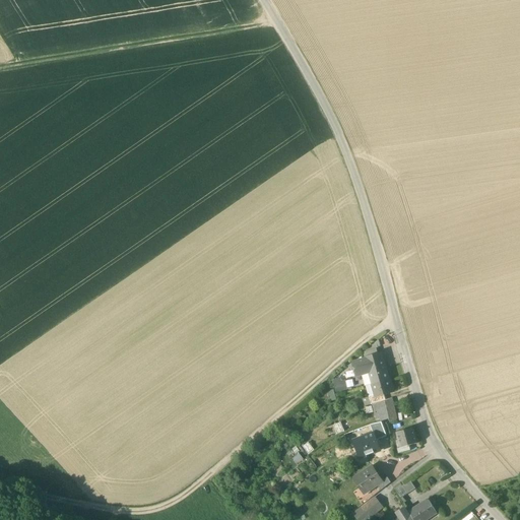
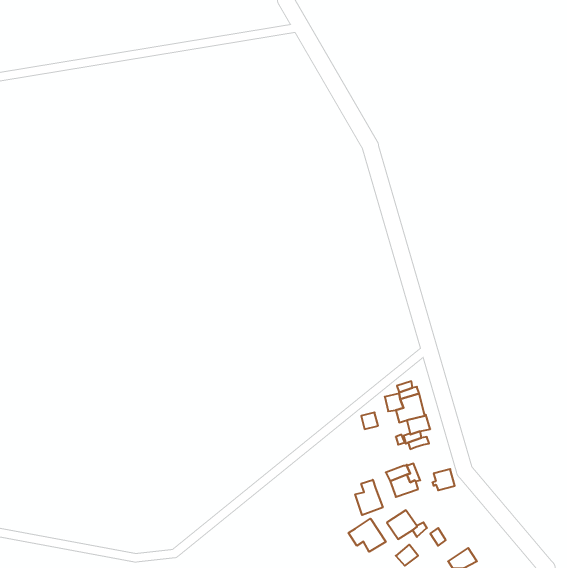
building: none -> [355,480,383,515]
building: none -> [349,519,386,552]

